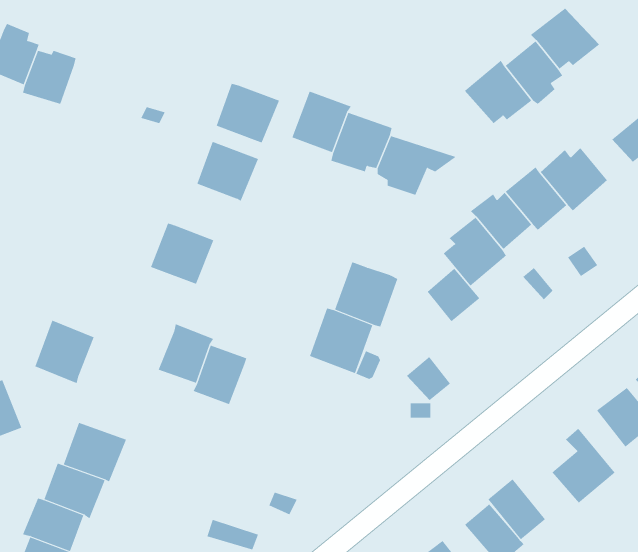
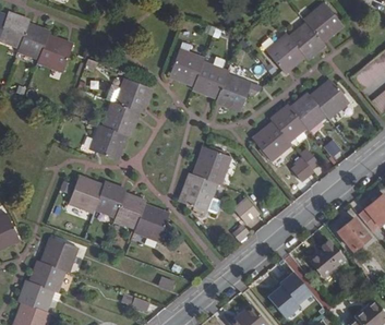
building: none -> [35,37,70,72]
building: [216,83,280,143] -> [100,103,136,136]
building: [427,268,480,322] -> none
building: [35,320,95,384] -> [67,177,100,213]
building: none -> [131,205,165,240]

